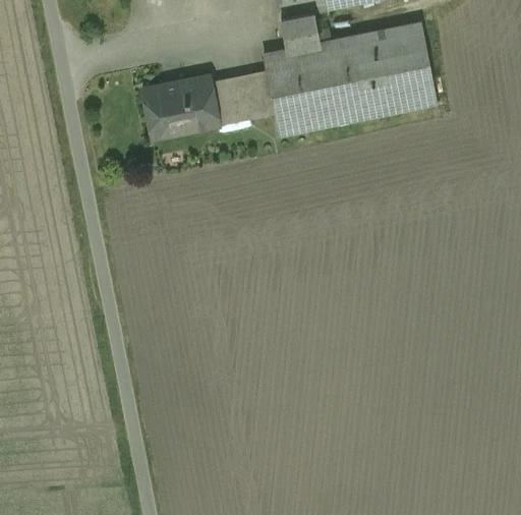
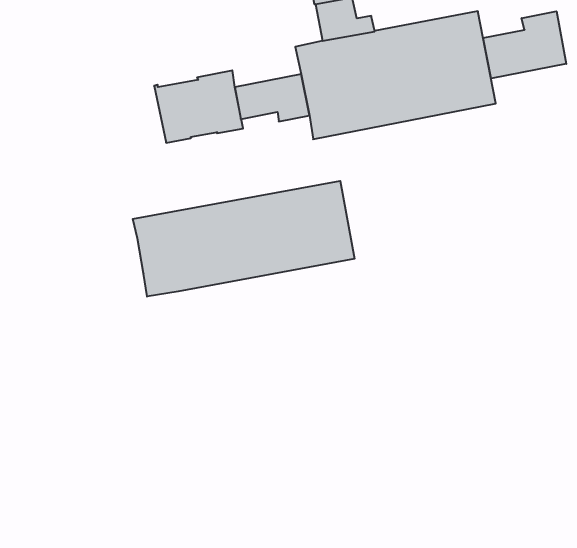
building: none -> [483,11,566,78]
building: none -> [133,181,355,297]

